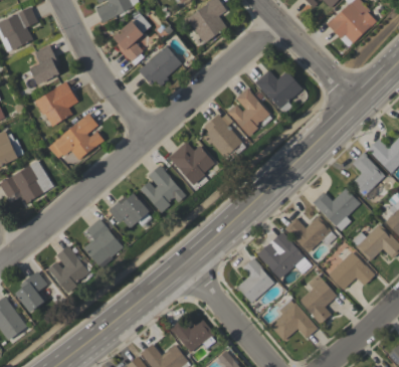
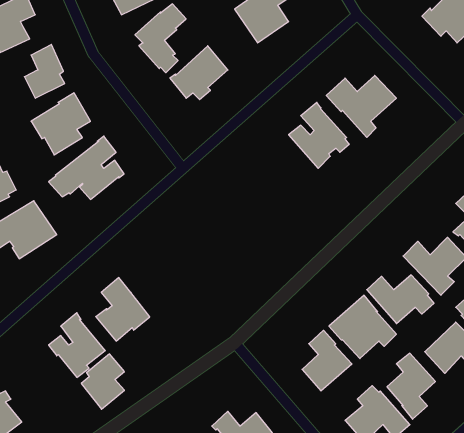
building: [203,114,246,162] -> none
building: [169,142,215,185] -> none
building: [141,164,187,213] -> none
building: [109,193,150,228] -> none
building: [16,270,48,312] -> [81,354,124,409]

